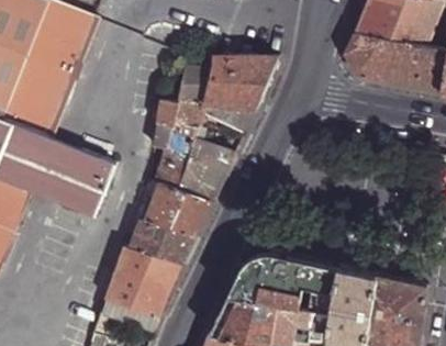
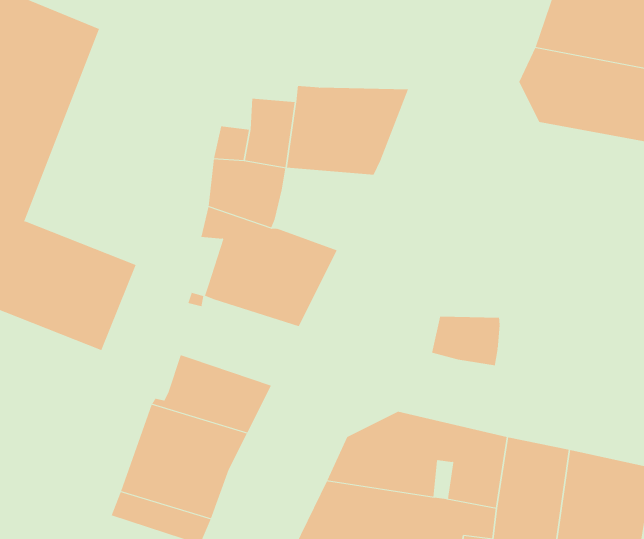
building: [203,107,258,137] -> none
building: [148,186,213,237] -> none
building: none -> [431,316,500,366]

